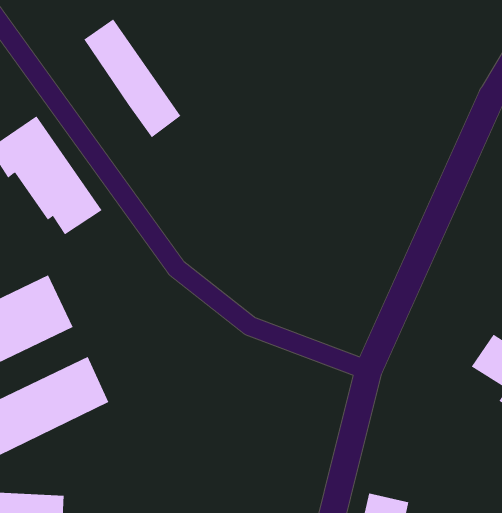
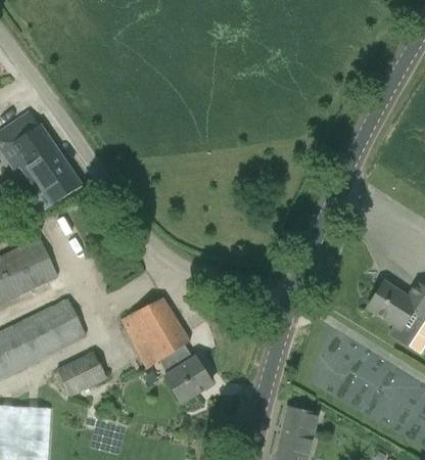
building: [83,18,181,138] -> none
building: none -> [119,298,211,403]
building: none -> [56,350,107,397]

